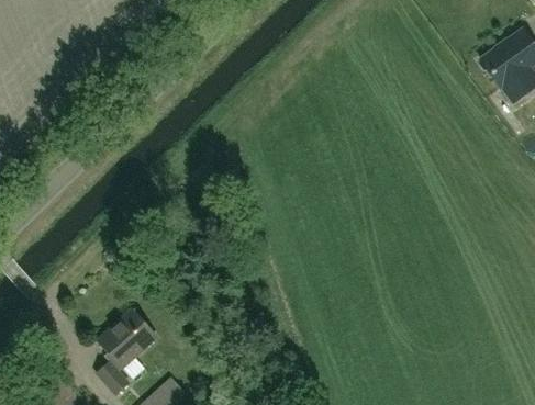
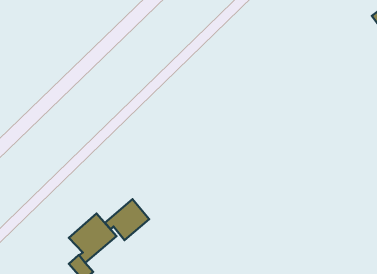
building: none -> [105,199,149,240]

